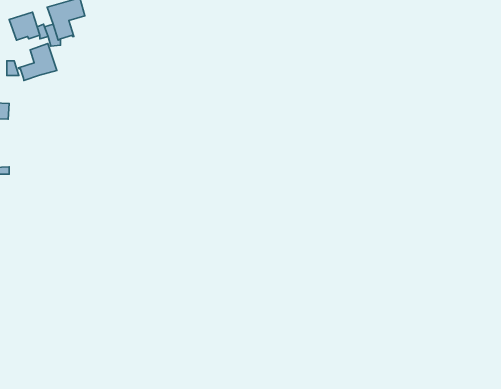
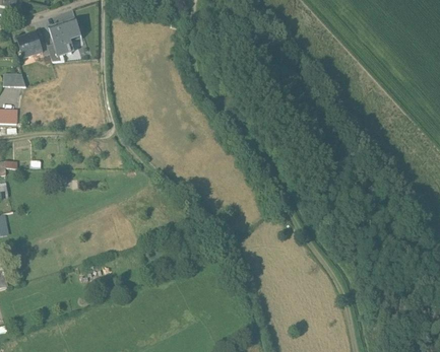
building: [19,43,57,80] -> none

